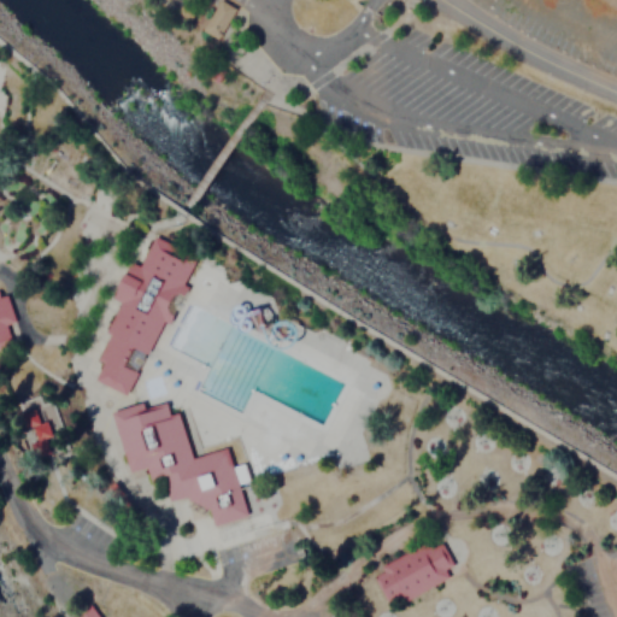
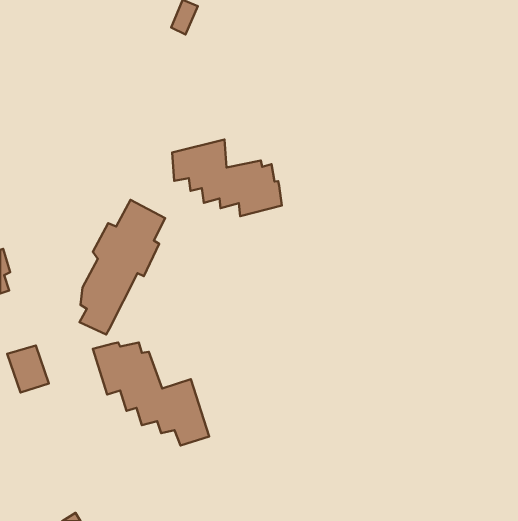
building: none -> [172,139,282,216]
building: [372,540,456,607] -> none

